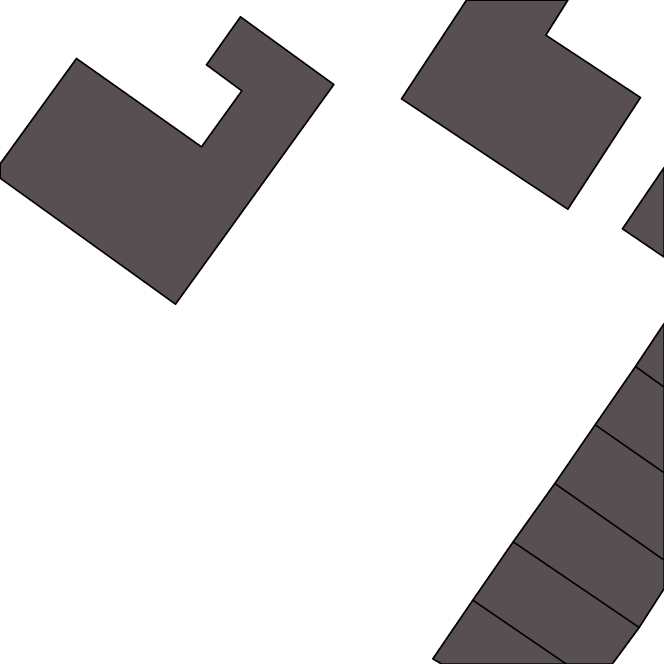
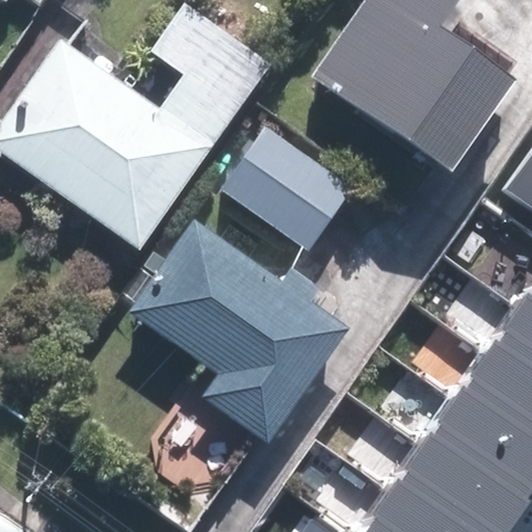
building: none -> [228,134,349,243]
building: none -> [136,223,347,435]

